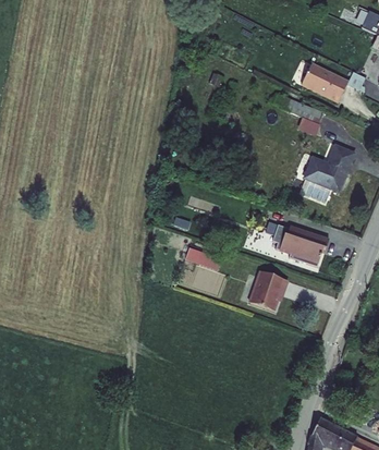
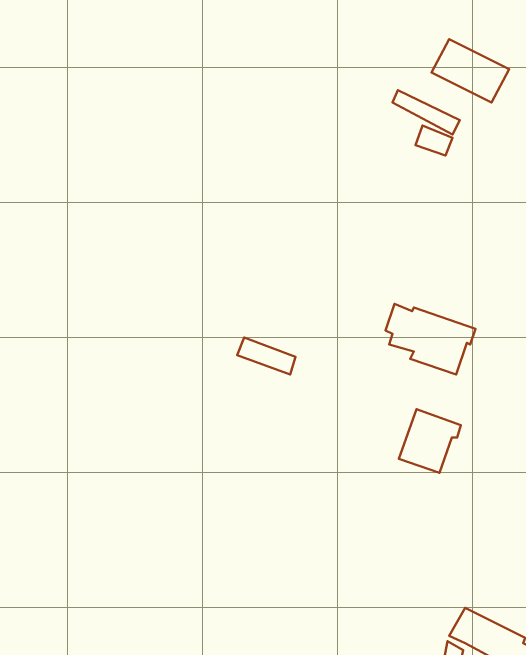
building: [303,148,356,196] -> none
building: [247,273,285,313] -> [399,409,461,473]

